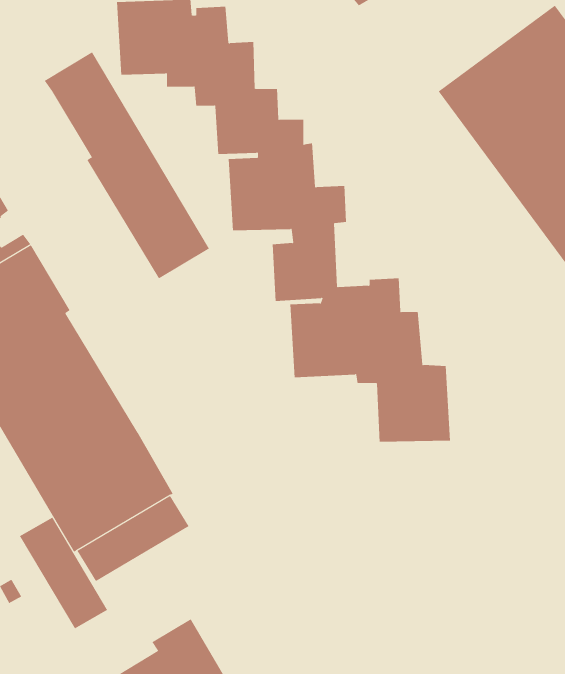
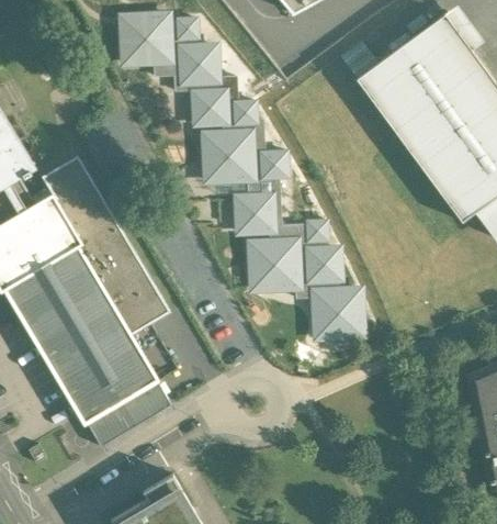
building: [44,52,210,279] -> [46,164,170,334]
building: [19,517,108,629] -> none

